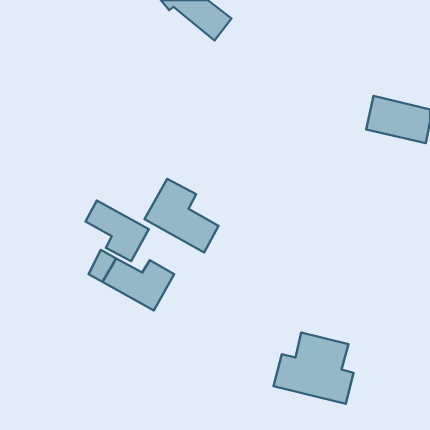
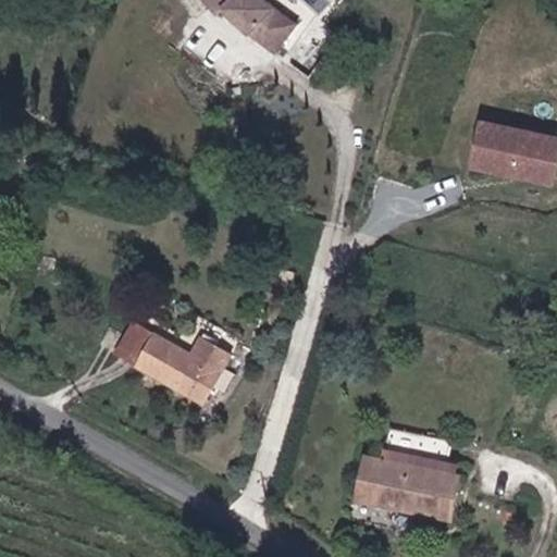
building: [145,179,219,252] -> none
building: [86,200,149,261] -> none

